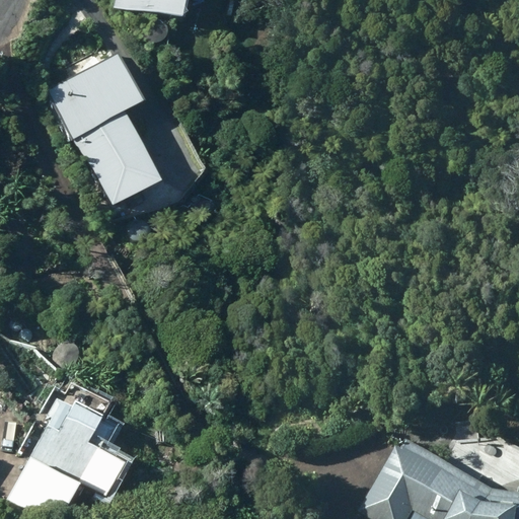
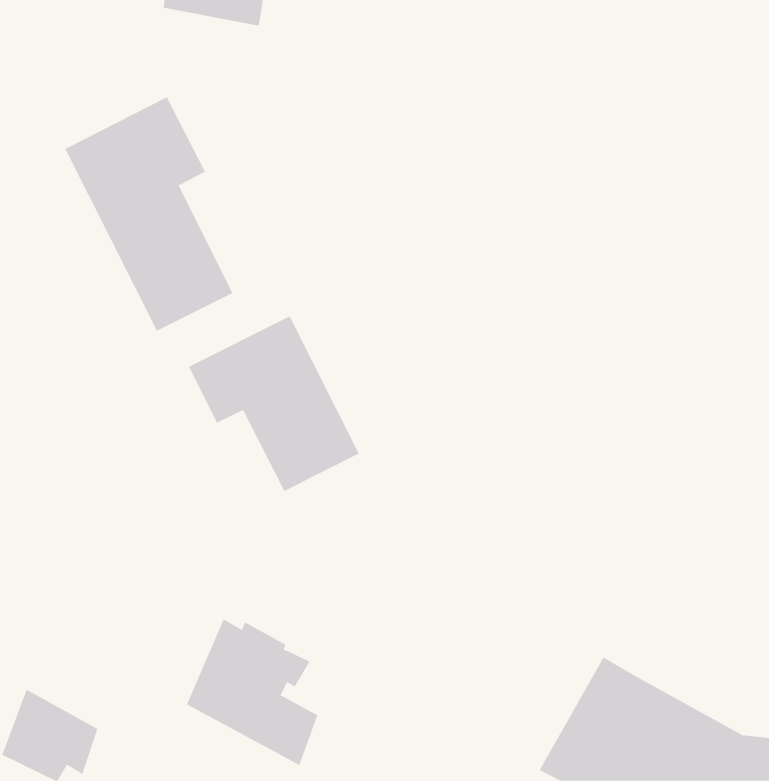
building: none -> [188,316,359,492]
building: [33,397,121,495] -> [186,619,318,766]

